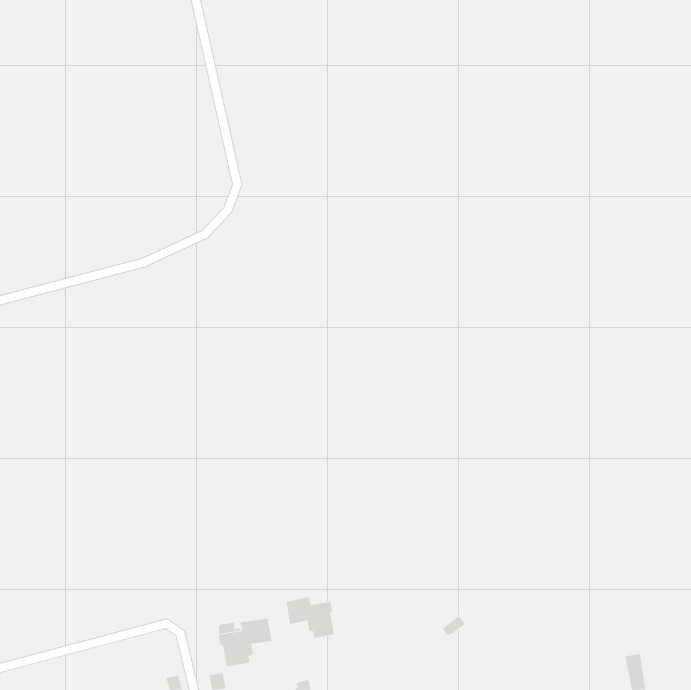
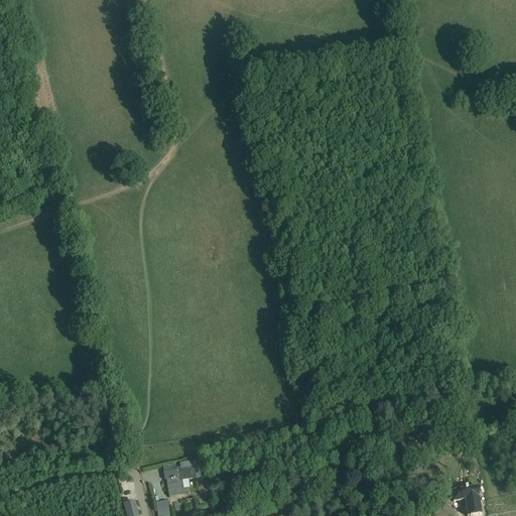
building: [286,596,334,639] -> none

